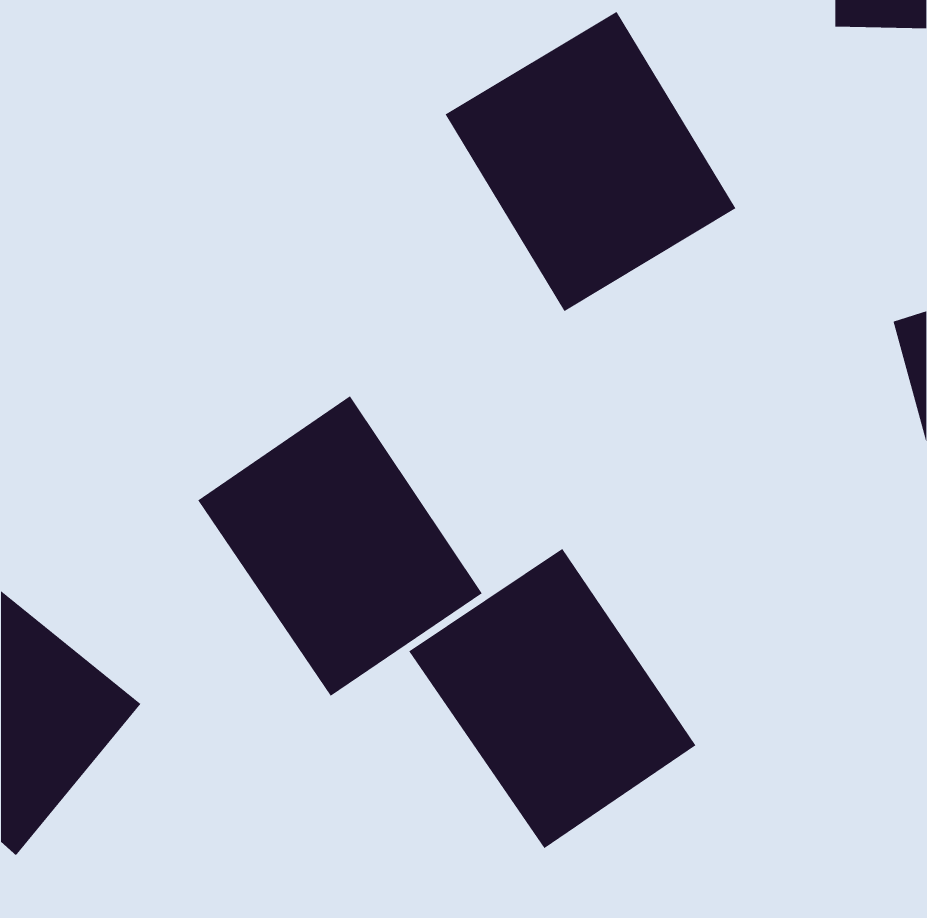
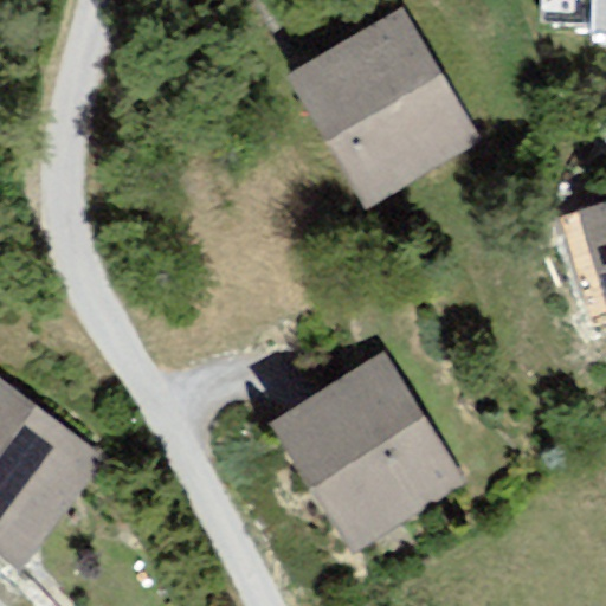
building: [197,395,483,697] -> none

